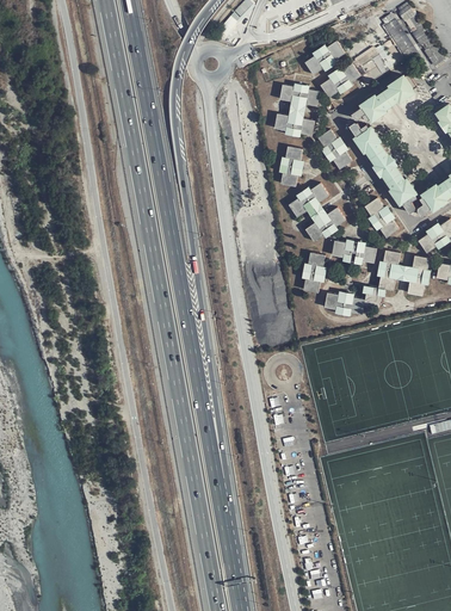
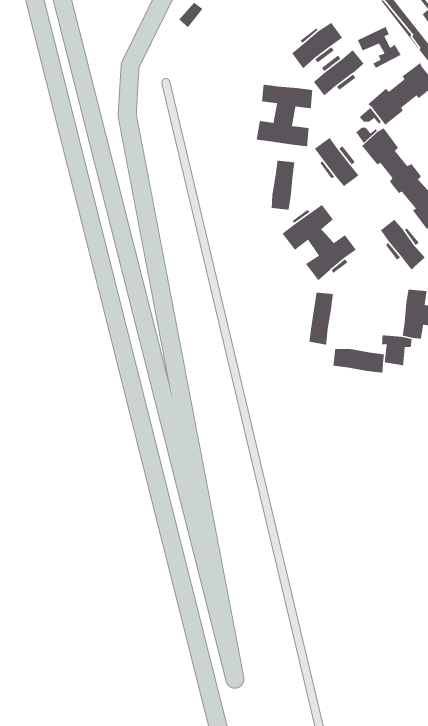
building: [330,240,377,266] -> none

